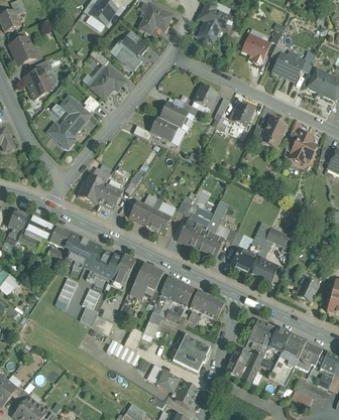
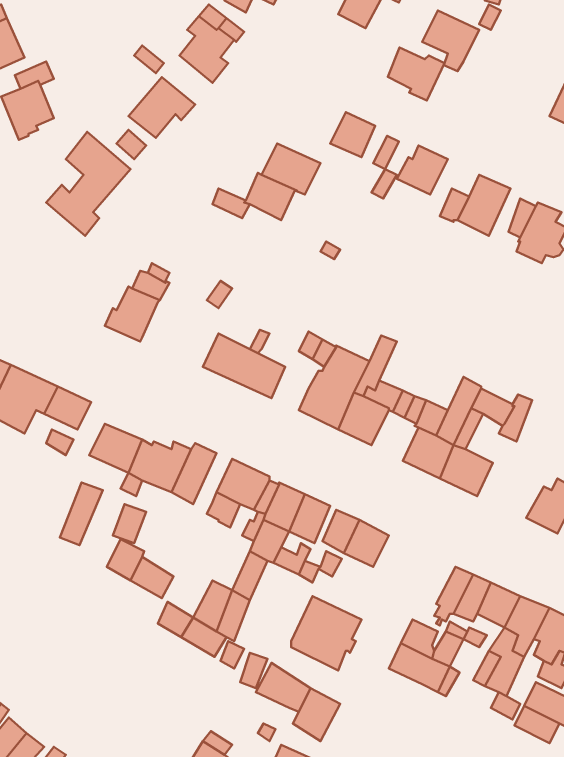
building: [274,52,304,80] -> [388,48,445,100]
building: [97,182,122,208] -> none

